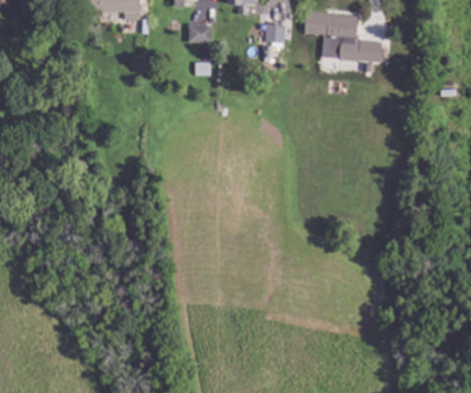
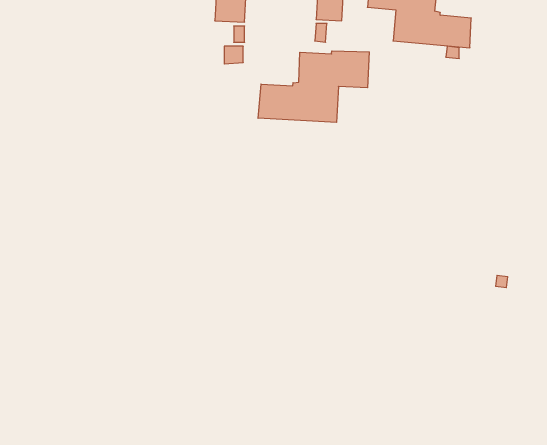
building: none -> [258,51,369,122]

